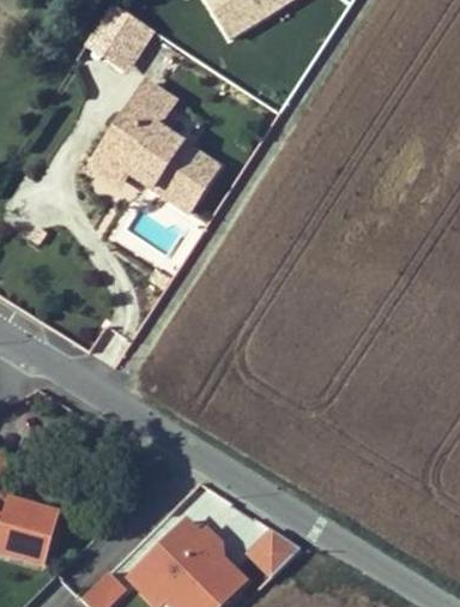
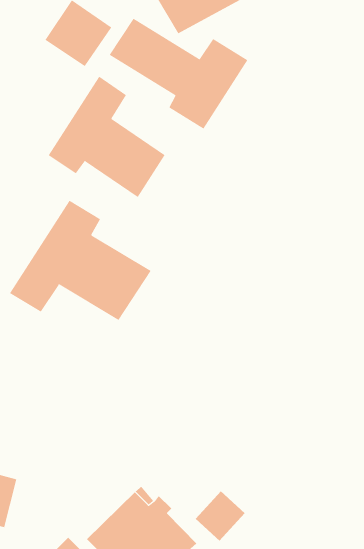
building: none -> [109,18,248,129]
building: none -> [9,200,152,321]

